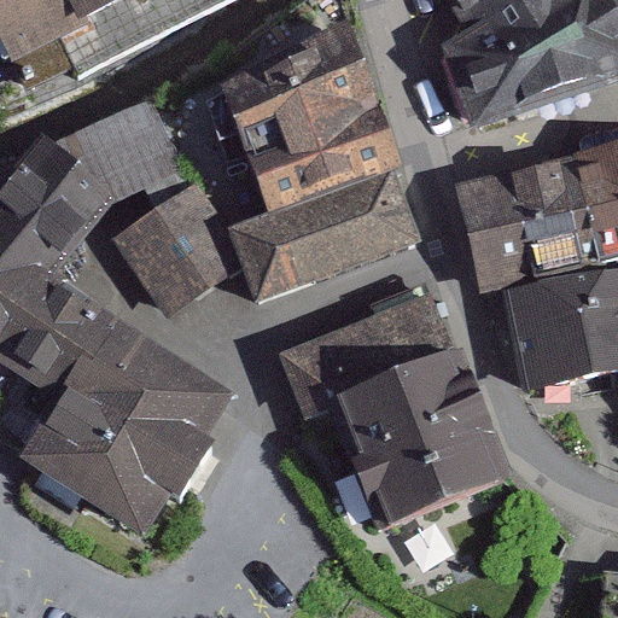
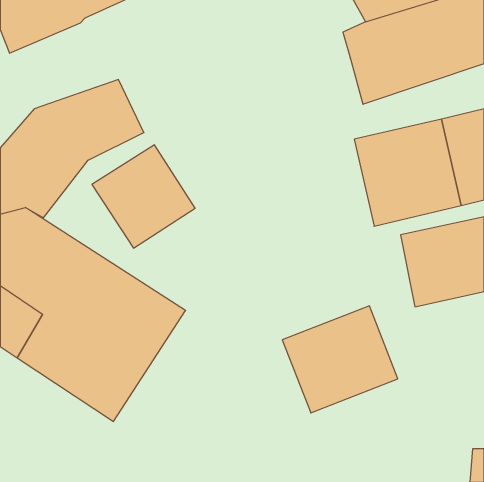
building: [226,27,403,210] -> none
building: [232,175,424,301] -> none
building: [322,297,471,433] -> none

